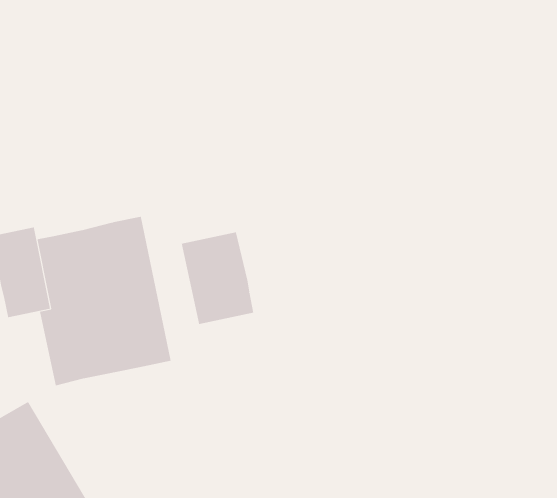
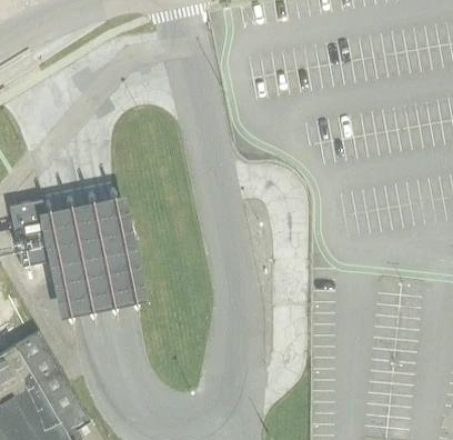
building: [181,231,254,325] -> none

